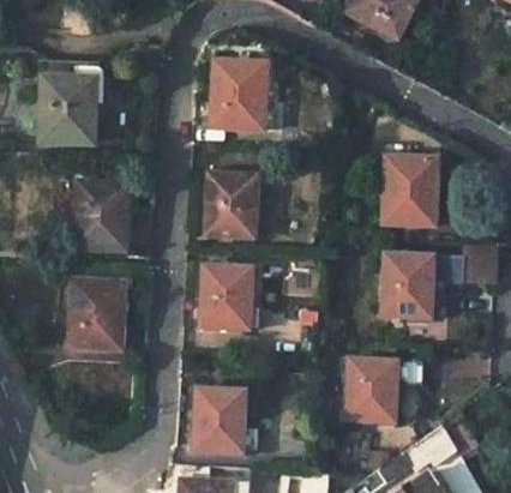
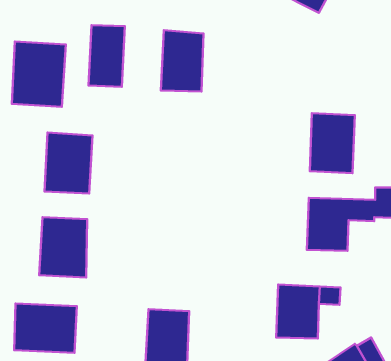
building: none -> [88,25,125,87]
building: [208,173,257,235] -> none
building: [202,264,252,329] -> none
building: none -> [14,304,77,353]

